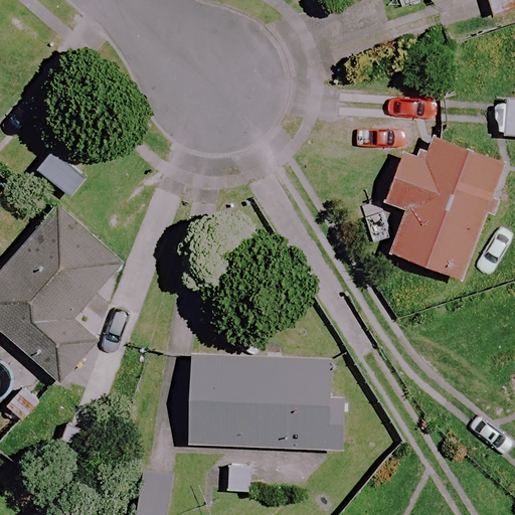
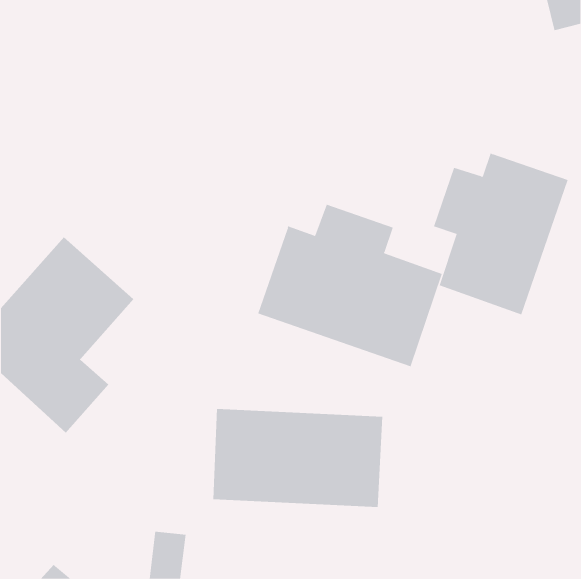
building: none -> [257,204,442,367]

